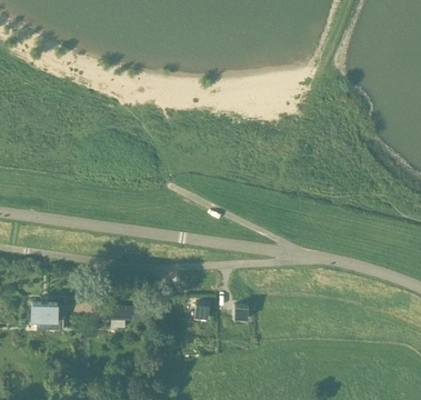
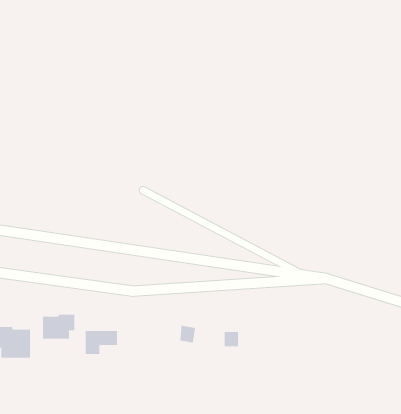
building: none -> [43,314,75,339]

